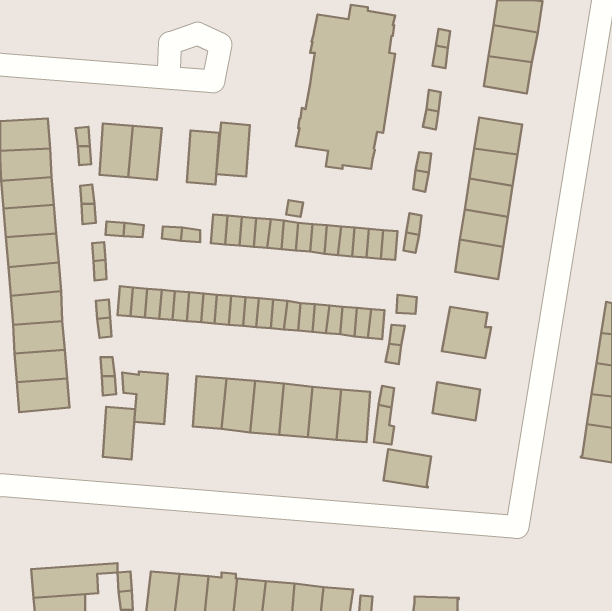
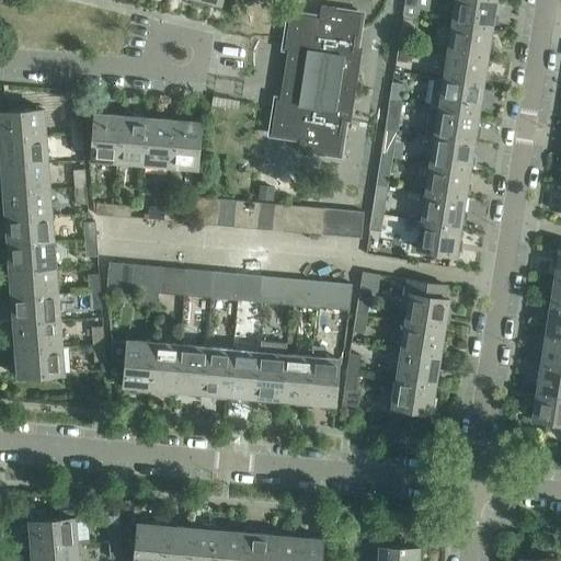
building: none -> [428,79,482,115]
building: [216,123,250,177] -> [144,118,174,168]
building: none -> [400,322,444,357]
building: [103,407,135,459] -> [150,343,180,391]
building: [383,449,431,488] -> [391,379,435,414]

